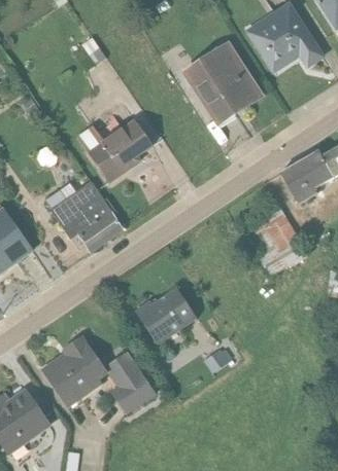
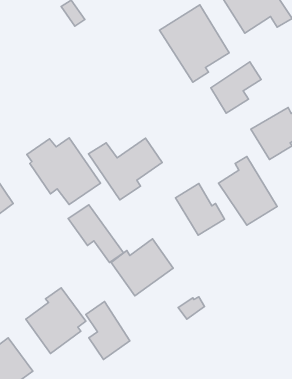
building: none -> [211,62,261,113]
building: [75,118,153,183] -> [89,138,162,200]
building: none -> [176,184,225,235]
building: none -> [68,205,124,263]

